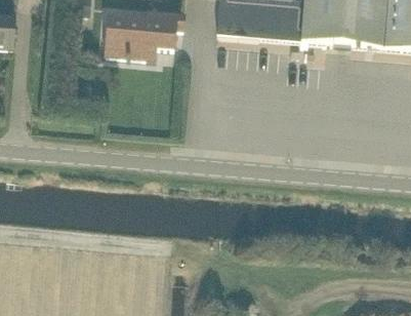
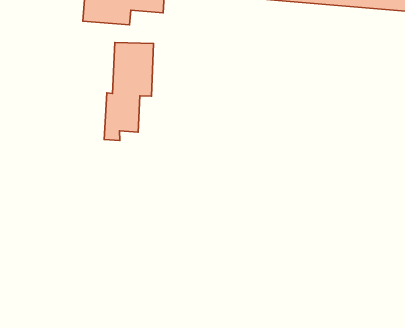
building: none -> [104,42,154,140]

